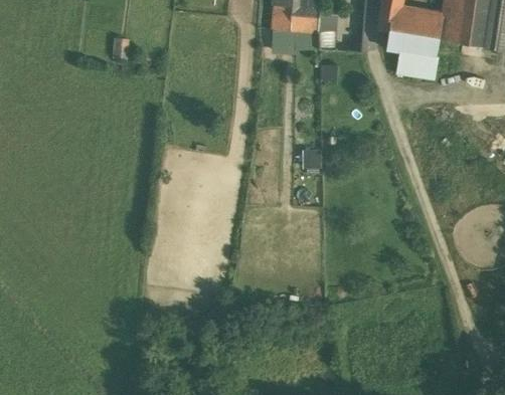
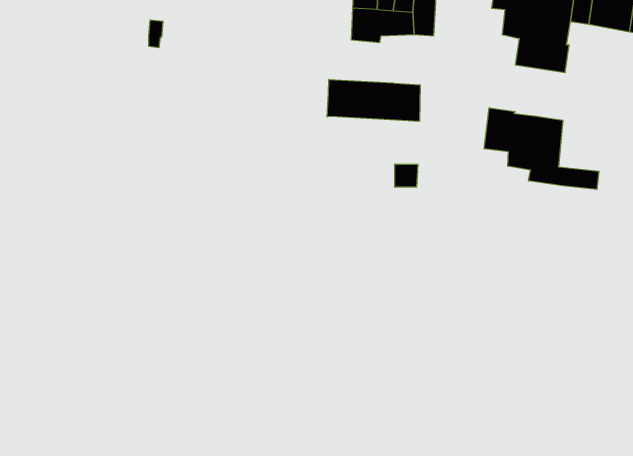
building: none -> [327,79,420,121]
building: none -> [484,108,599,190]

